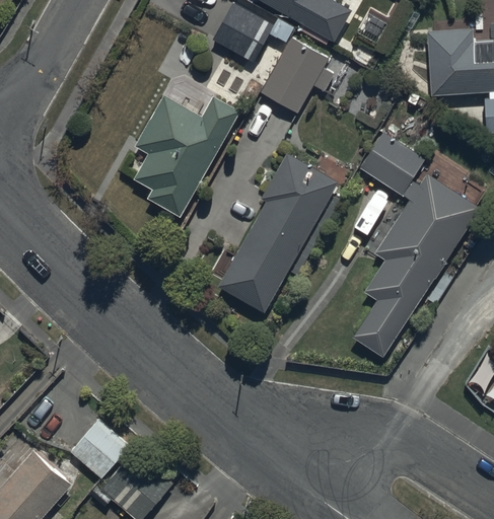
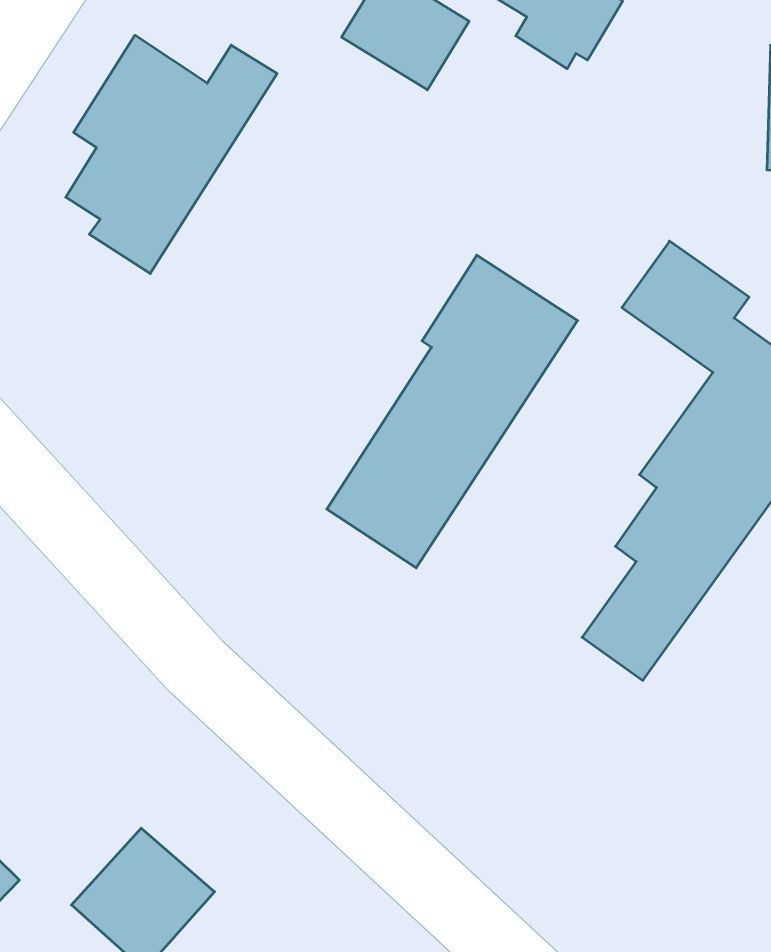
building: [262,38,335,114] -> none
building: [136,94,240,216] -> [66,35,277,274]
building: [70,420,128,477] -> none

